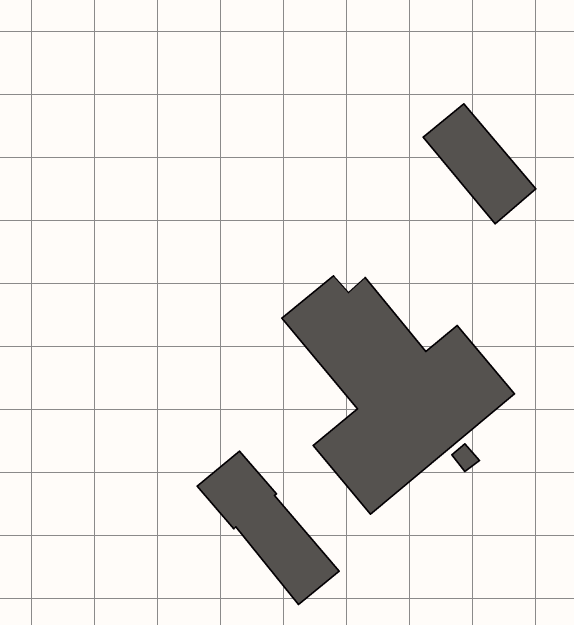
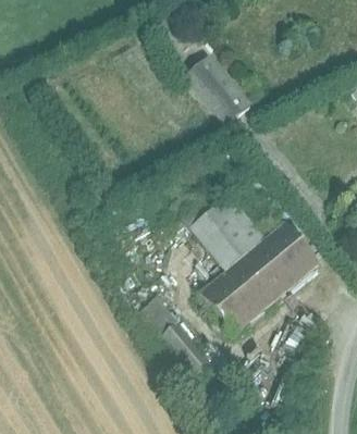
building: [423,104,536,224] -> [185,53,251,124]

